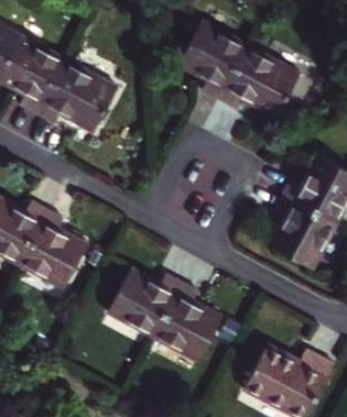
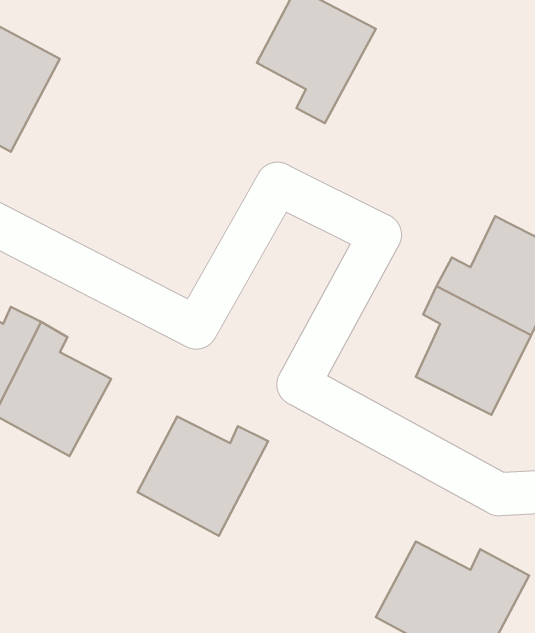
building: [216,43,299,116] -> none
building: [33,61,115,132] -> none
building: [154,283,223,361] -> none

